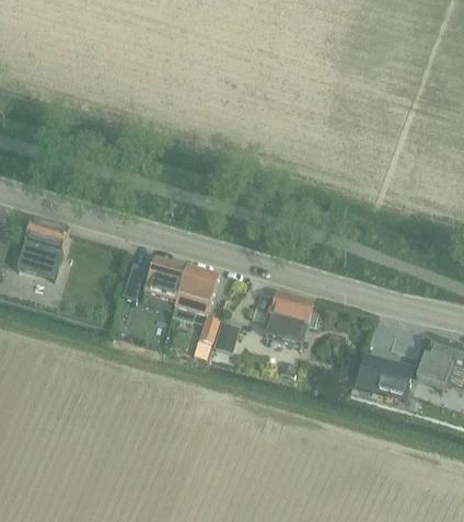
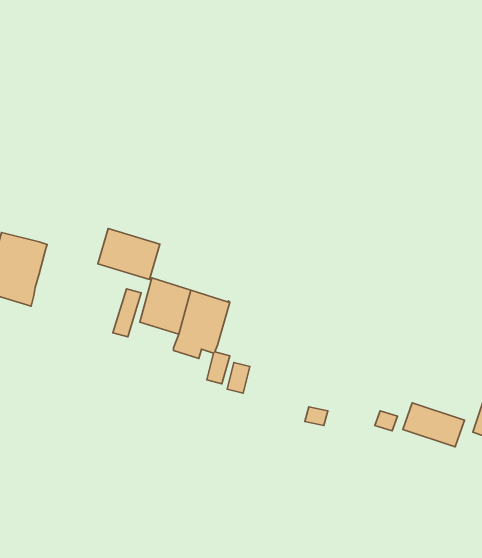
building: none -> [98,228,160,279]
building: [263,293,311,347] -> none

